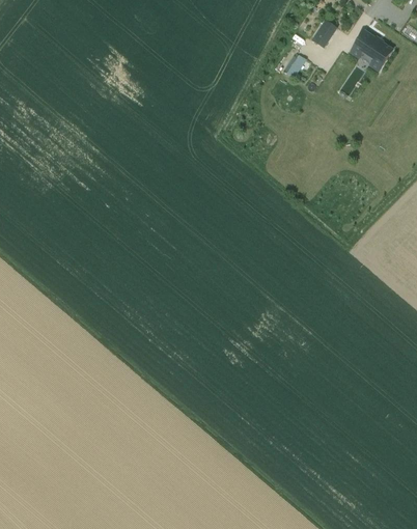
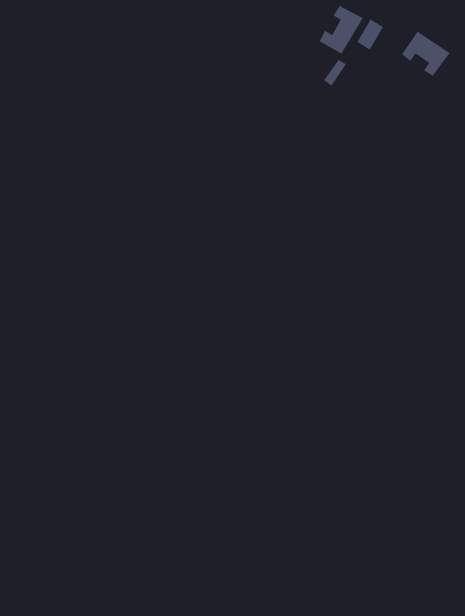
building: none -> [319,5,363,55]

